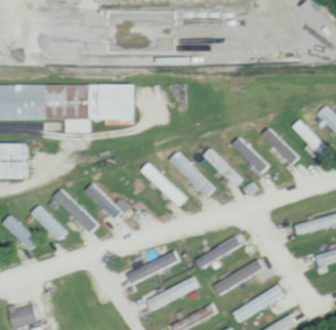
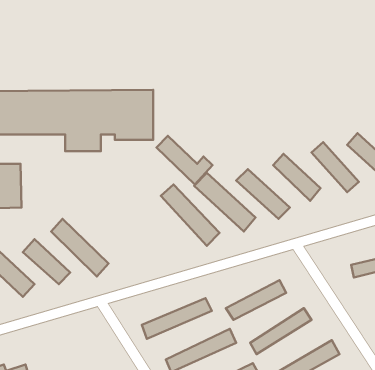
building: [83,181,128,220] -> [156,136,213,184]

